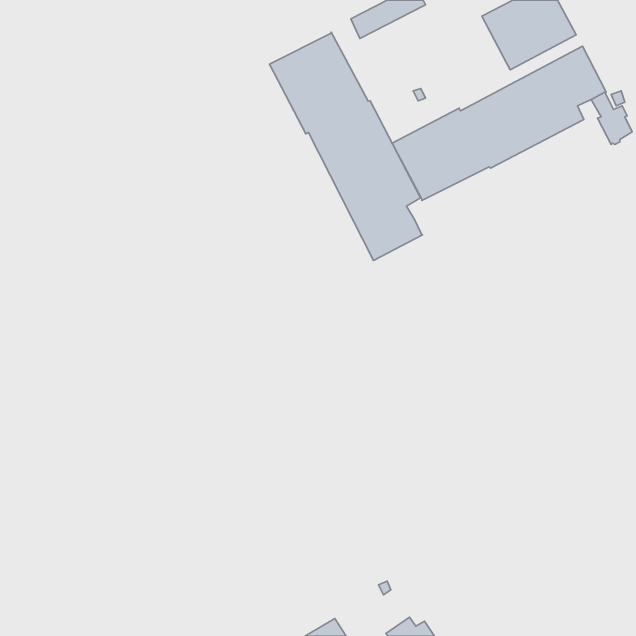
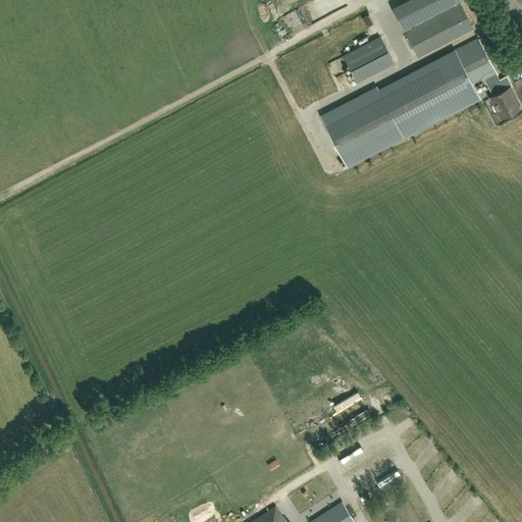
building: [270,32,423,261] -> none
building: none -> [343,37,393,83]

